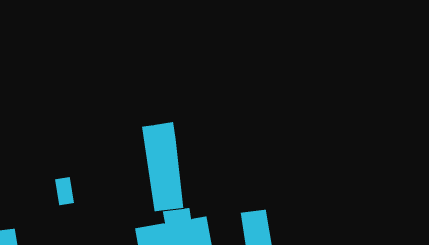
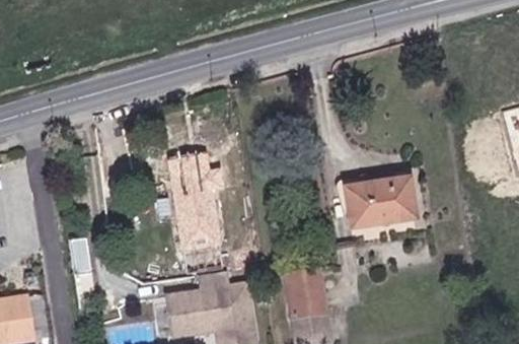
building: none -> [344,179,417,226]

